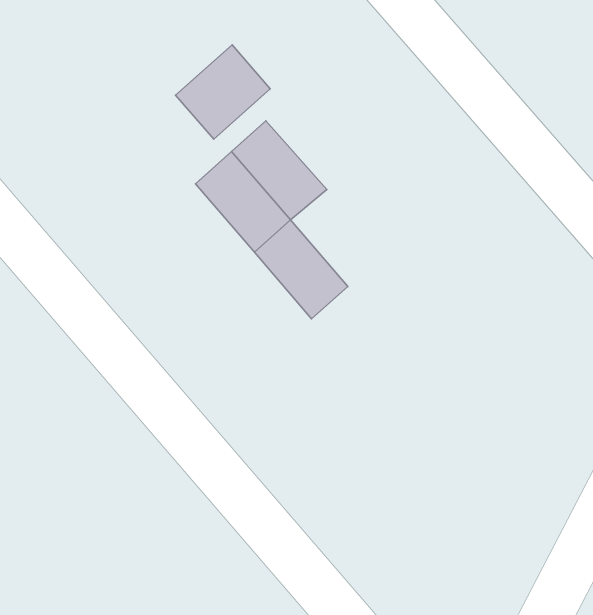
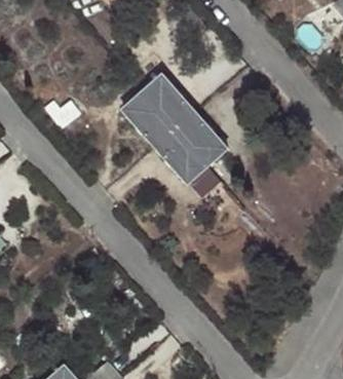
building: [176,45,270,139] -> none
building: none -> [177,111,227,163]

